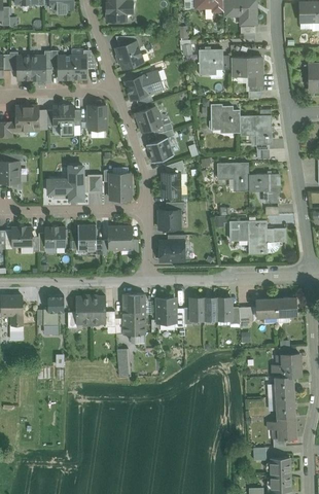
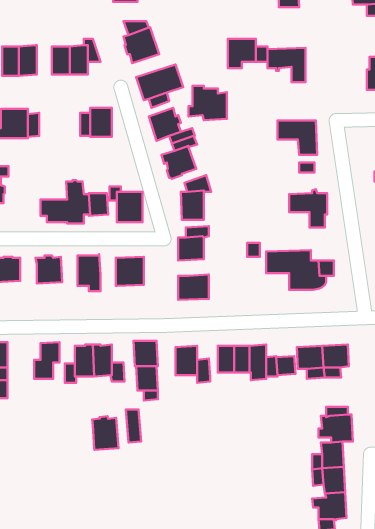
building: [54,104,74,127] -> none
building: [209,104,240,132] -> [189,86,227,120]
building: [217,162,249,190] -> none
building: none -> [92,416,118,450]

